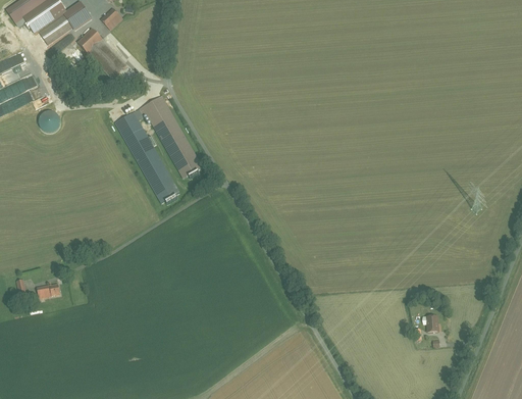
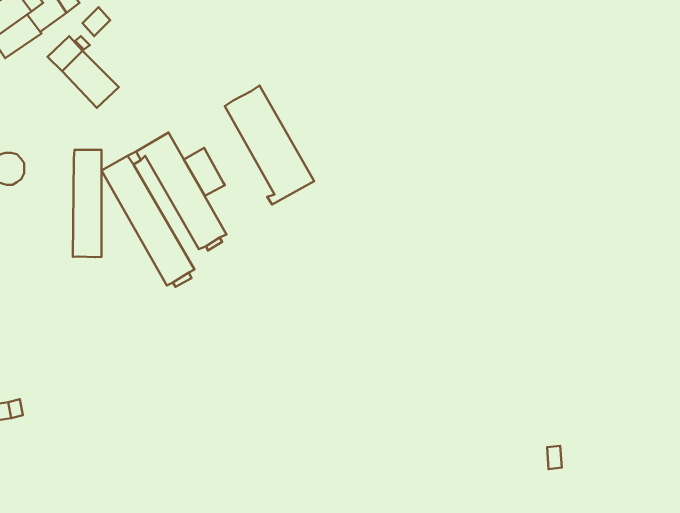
building: none -> [225,85,314,204]
building: none -> [184,148,225,196]
building: none -> [73,150,101,257]

